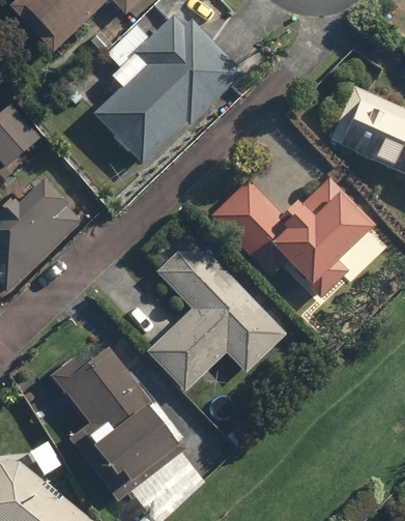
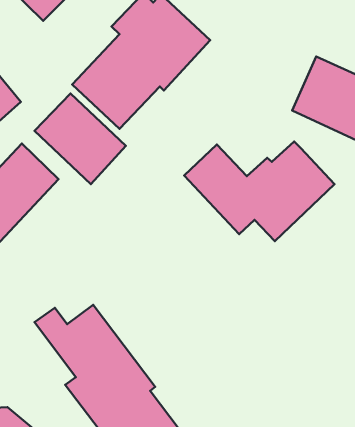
building: none -> [34,93,126,184]
building: [146,233,287,393] -> none

